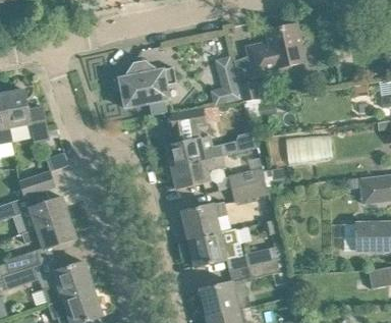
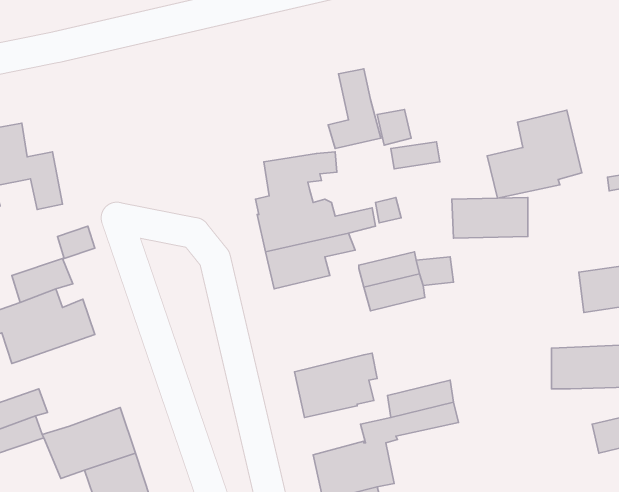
building: [247,23,304,76] -> [487,110,582,198]
building: [118,60,176,108] -> none
building: [181,202,230,239] -> none
building: [21,217,75,250] -> none

